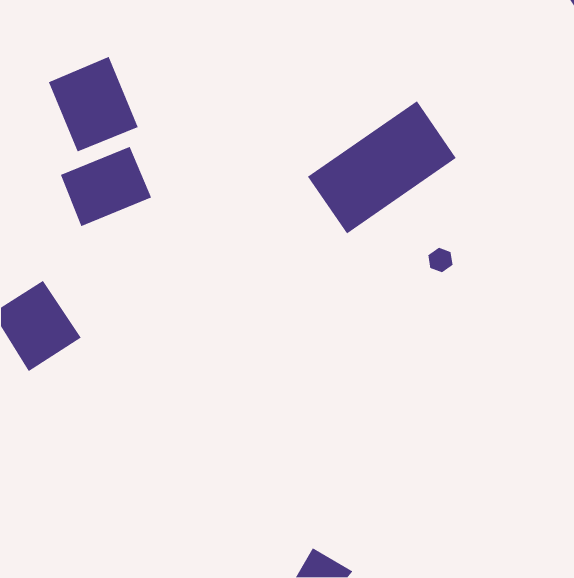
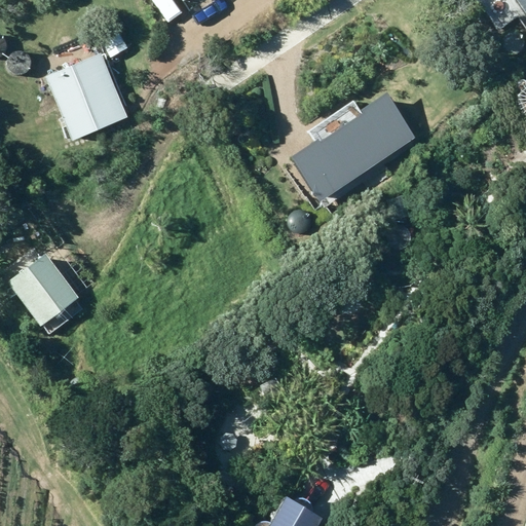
building: [60,146,152,227] -> none

